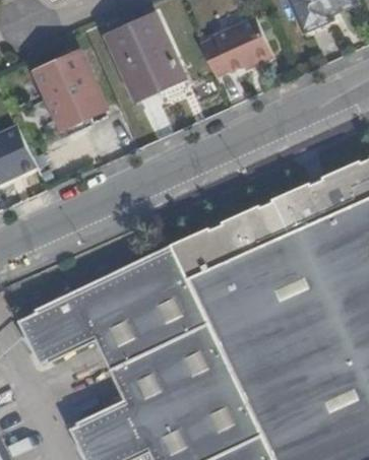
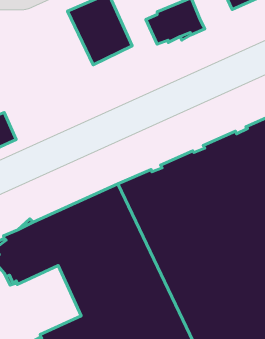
building: [35,48,108,127] -> none

